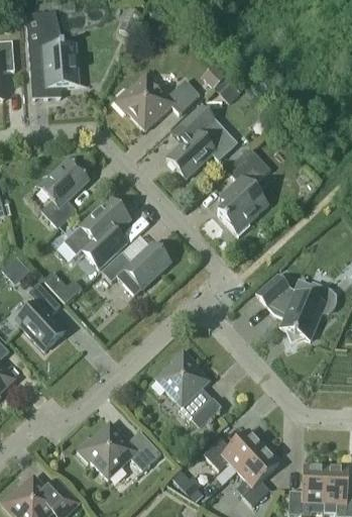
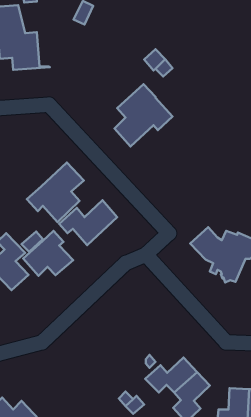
building: [113,72,200,129] -> none
building: [217,146,270,234] -> none
building: [39,159,88,227] -> none
building: none -> [23,231,73,276]
building: [155,347,213,420] -> none
building: [76,421,161,479] -> none

